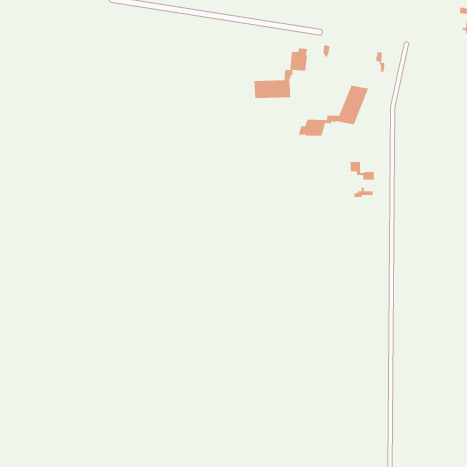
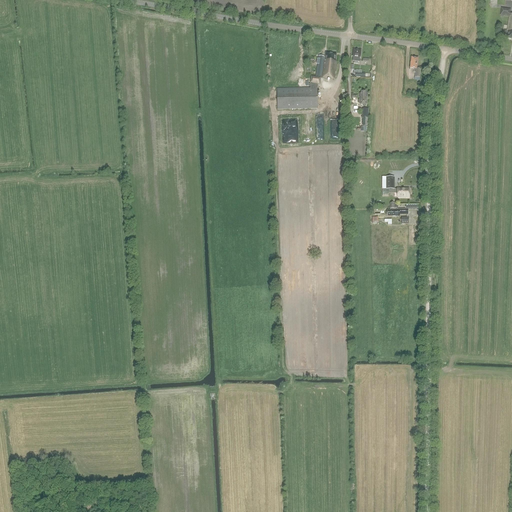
building: [298,85,369,137] -> none

